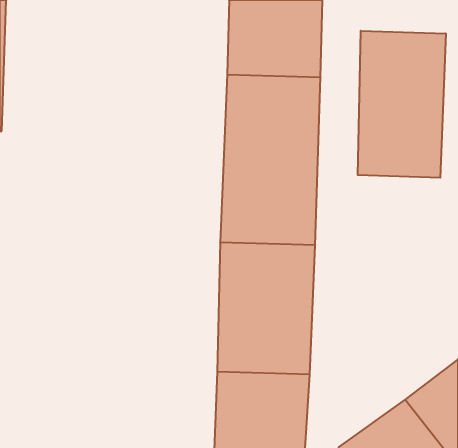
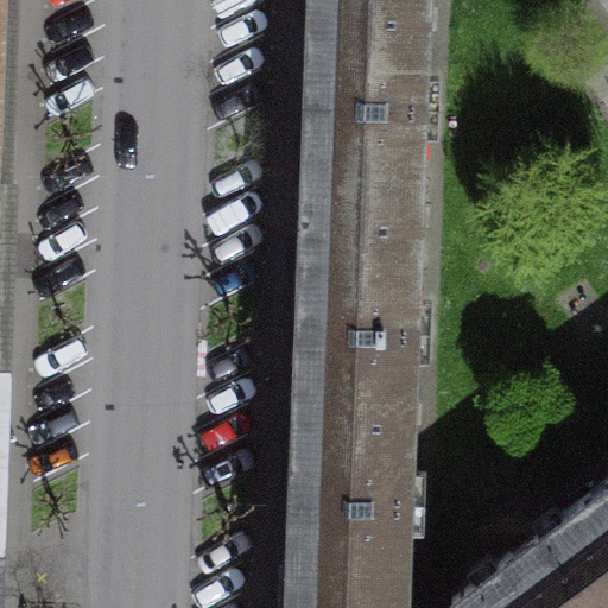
building: [358,31,446,178] -> none

